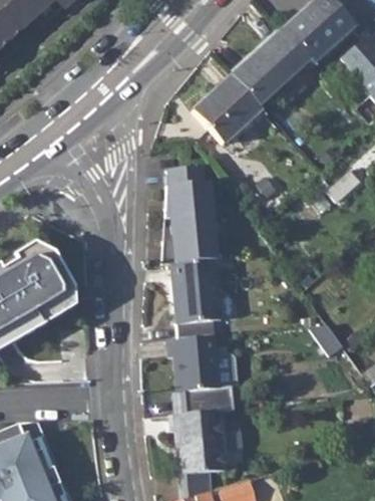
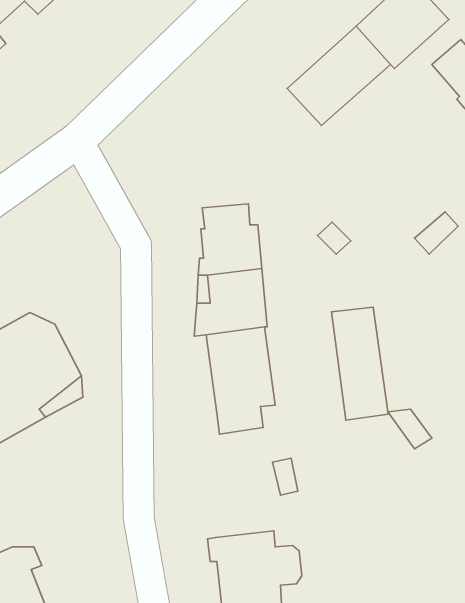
building: [194,77,261,145] -> none
building: none -> [332,307,388,420]
building: [165,334,235,418] -> none

